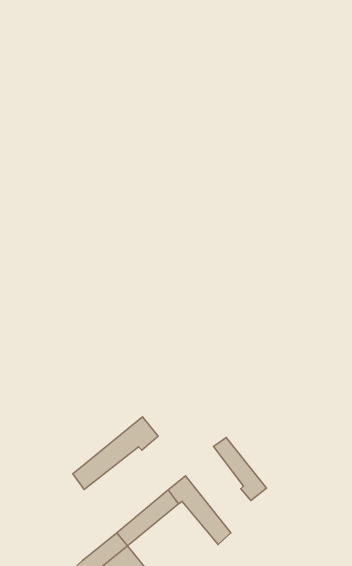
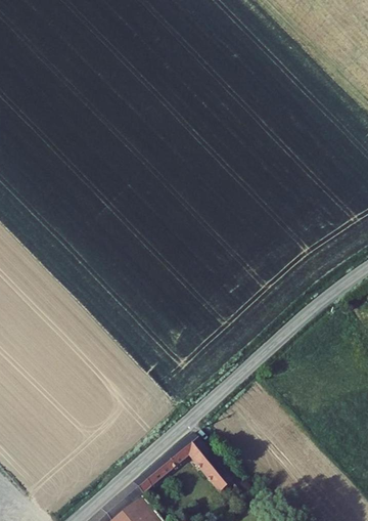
building: [73,417,158,489] -> none
building: [214,438,267,501] -> none

